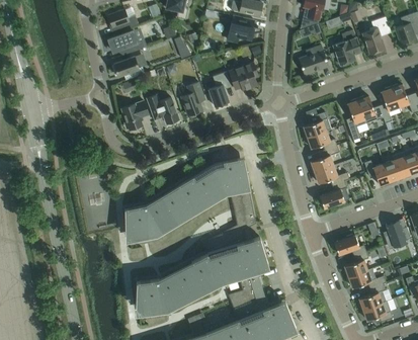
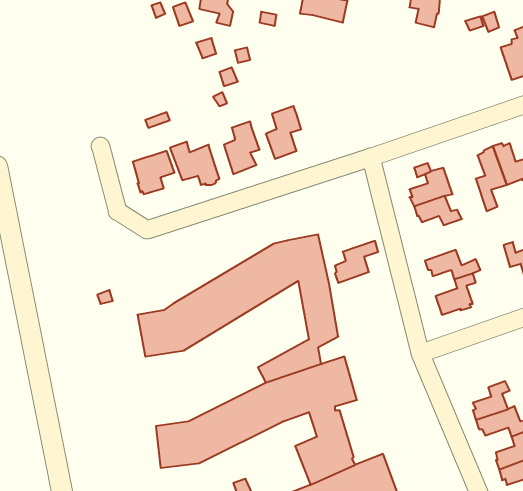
building: [107,11,138,34] -> none
building: [227,16,257,44] -> none
building: [333,31,358,67] -> none
building: [108,32,144,57] -> none
building: [298,47,329,76] -> none
building: [112,58,145,81] -> none
building: [229,64,257,90] -> none
building: [311,147,339,174] -> [335,241,378,283]
building: [334,236,365,257] -> none

